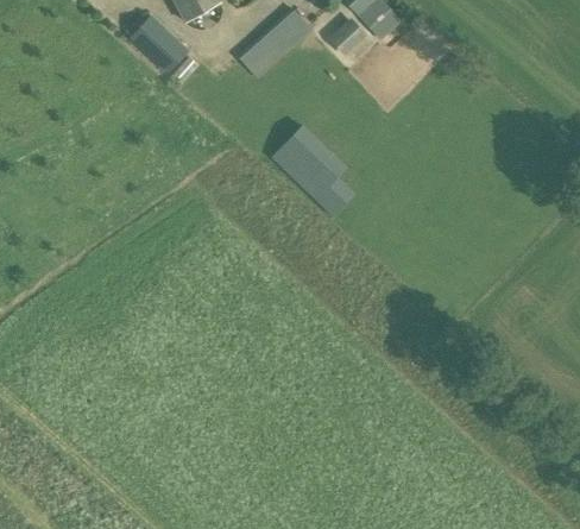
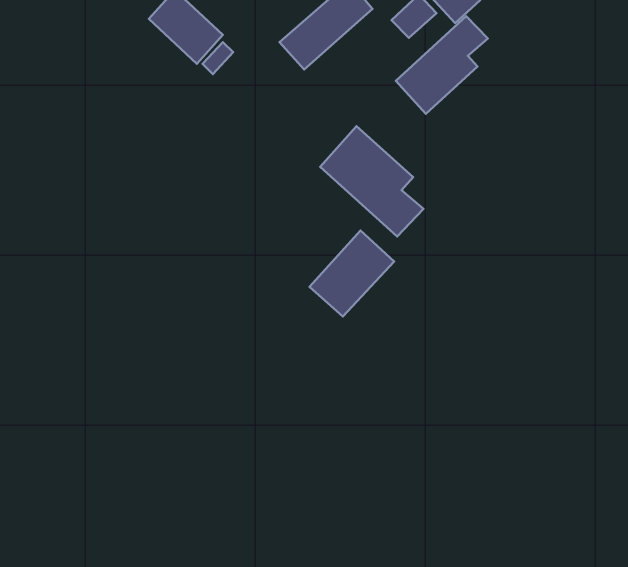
building: none -> [396,16,488,114]
building: none -> [309,230,394,316]

